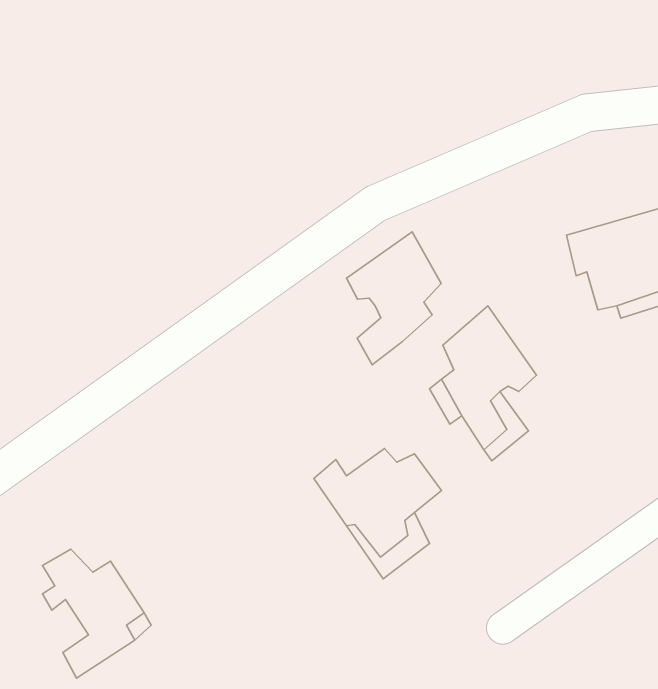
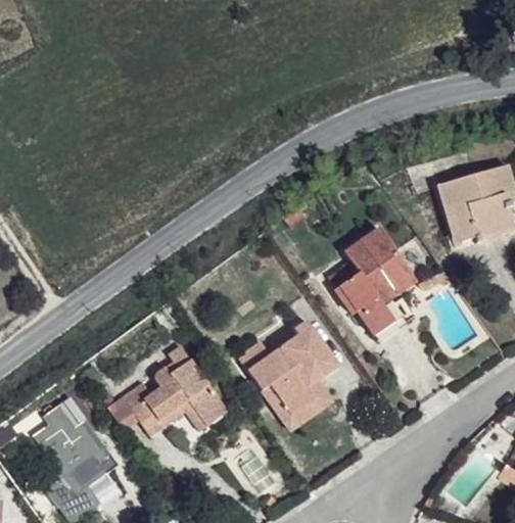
building: [346,232,441,365] -> none
building: none -> [123,343,231,438]

